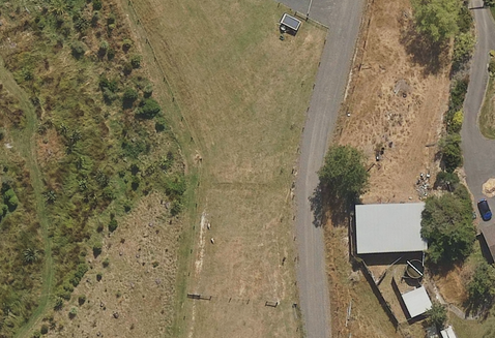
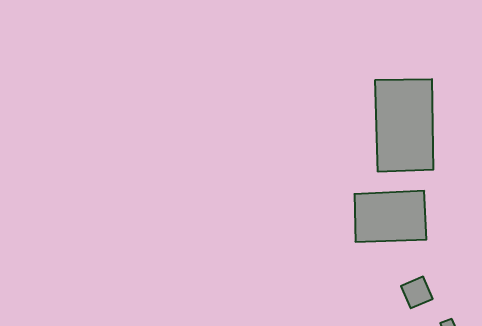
building: none -> [375,79,433,172]

